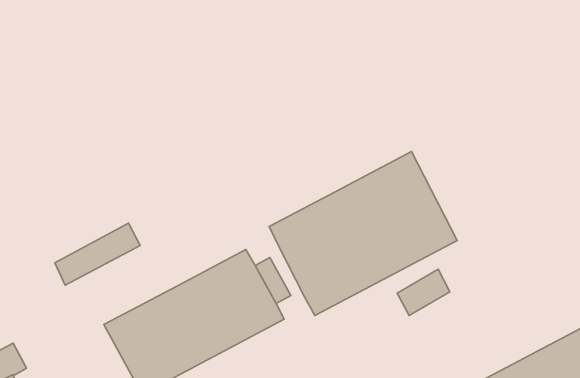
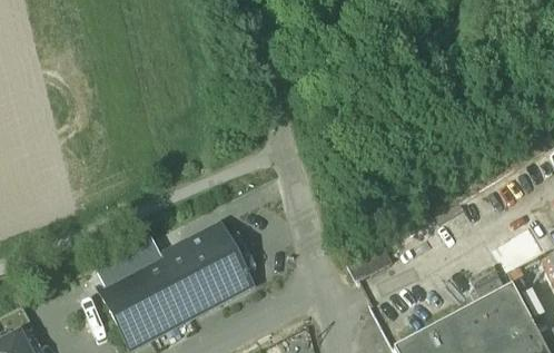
building: [269,151,457,316] -> none
building: [55,223,140,285] -> [89,234,161,286]

